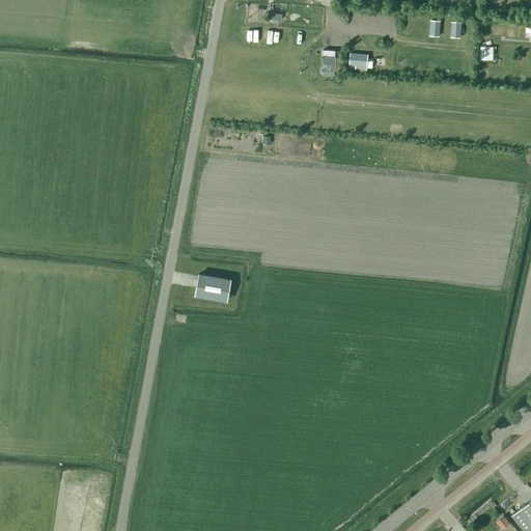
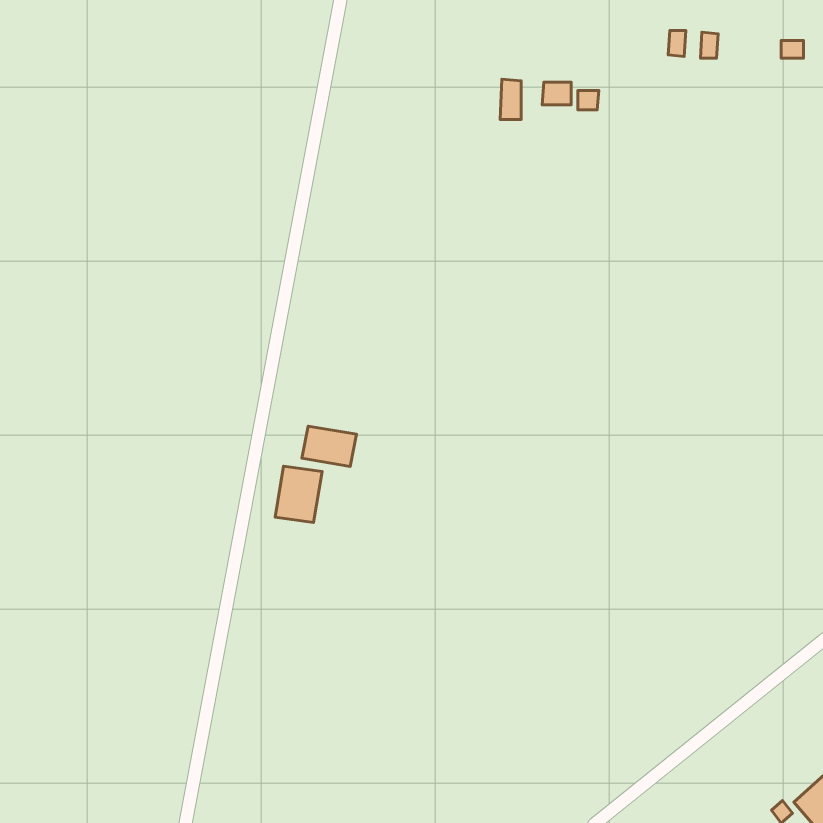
building: none -> [275,466,322,522]

